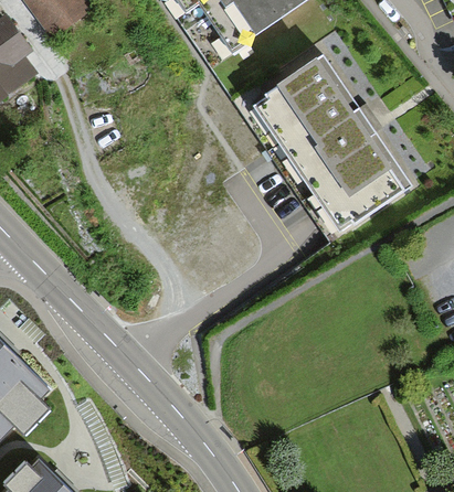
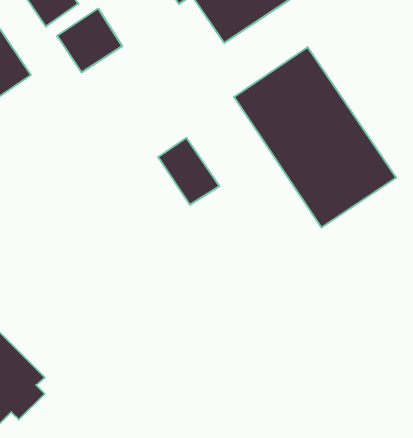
building: none -> [57,9,122,72]
building: none -> [158,138,219,205]

